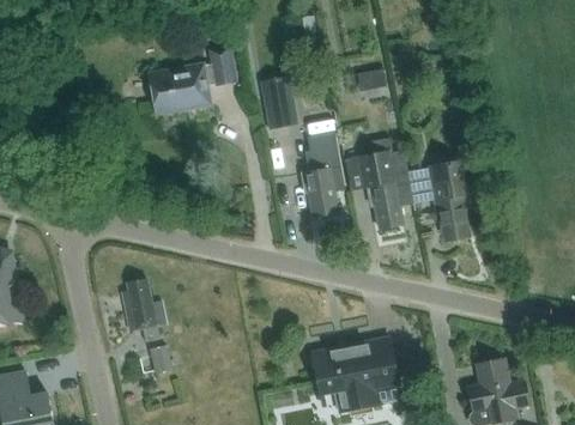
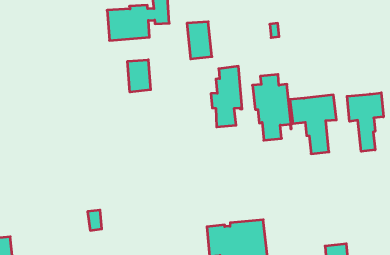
building: none -> [128,60,151,92]
building: none -> [347,93,383,151]
building: [121,279,165,342] -> none

